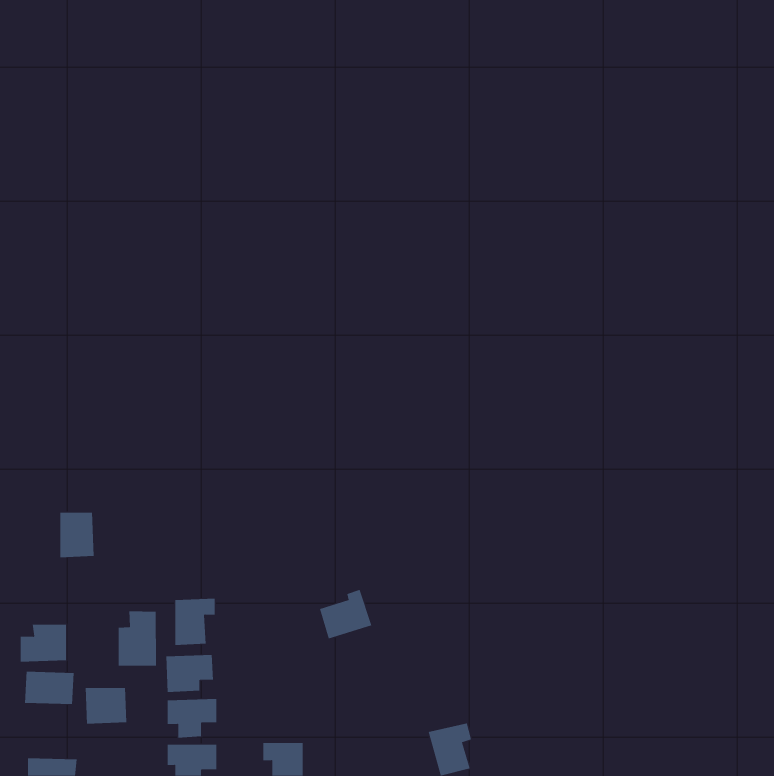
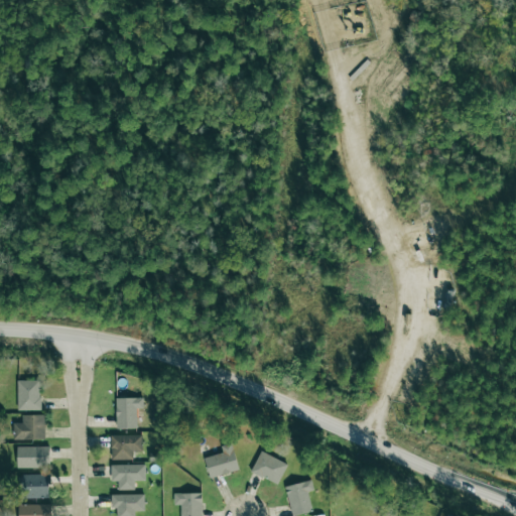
building: [60,512,94,558] -> [18,380,41,410]
building: [319,589,372,639] -> [205,444,240,478]
building: [118,611,157,666] -> none
building: none -> [252,452,287,484]
building: [85,688,127,724] -> [21,474,49,498]

